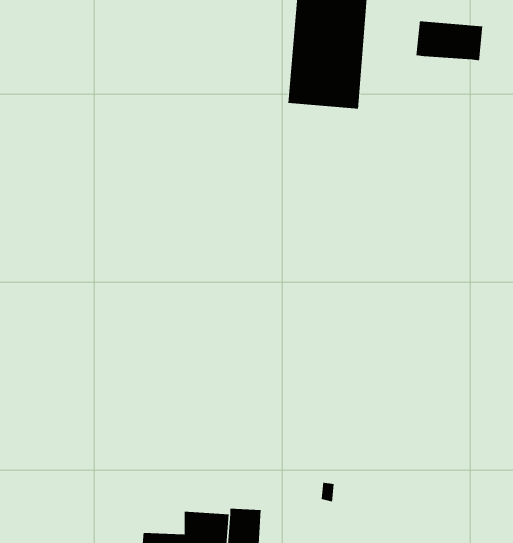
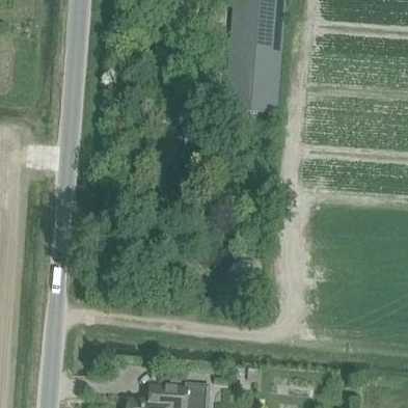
building: [416,20,483,61] -> none

